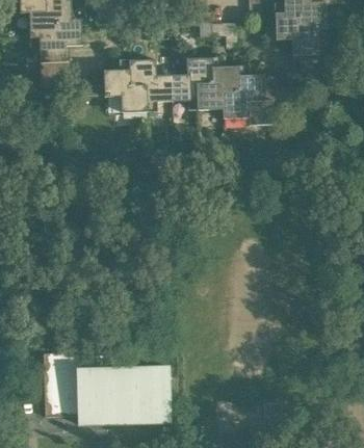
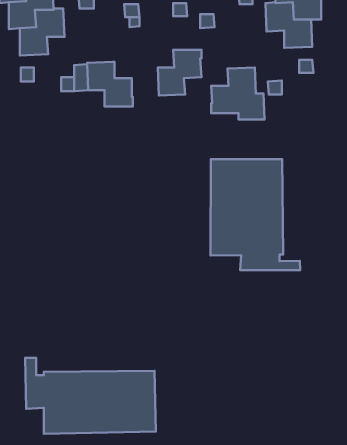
building: [129,59,173,103] -> none
building: [197,67,239,110] -> none
building: none -> [211,159,300,270]

